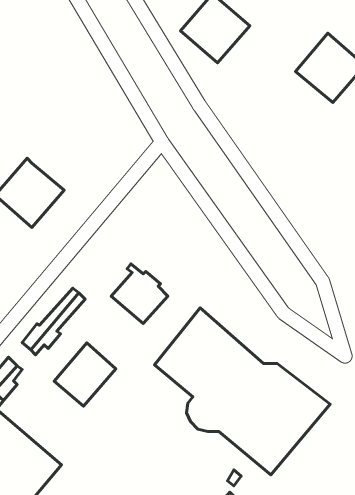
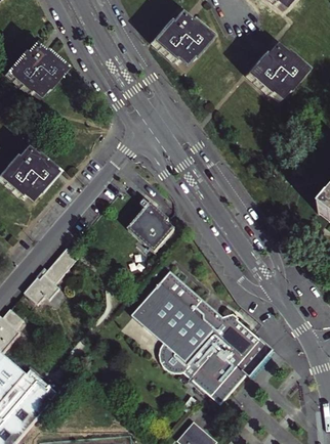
building: none -> [9,39,66,96]
building: [111,264,168,323] -> [128,199,175,249]
building: [54,343,116,406] -> none

